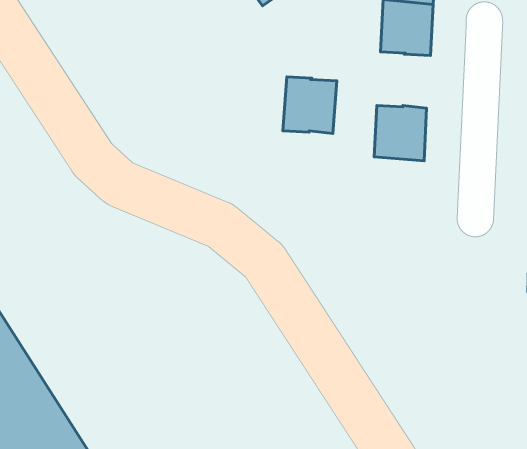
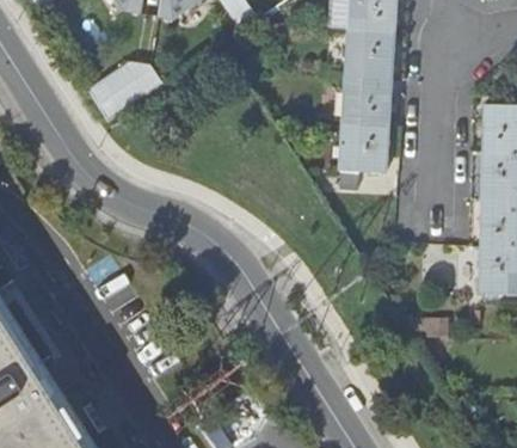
building: none -> [87,61,160,122]
building: [283,77,337,133] -> [343,73,392,124]

